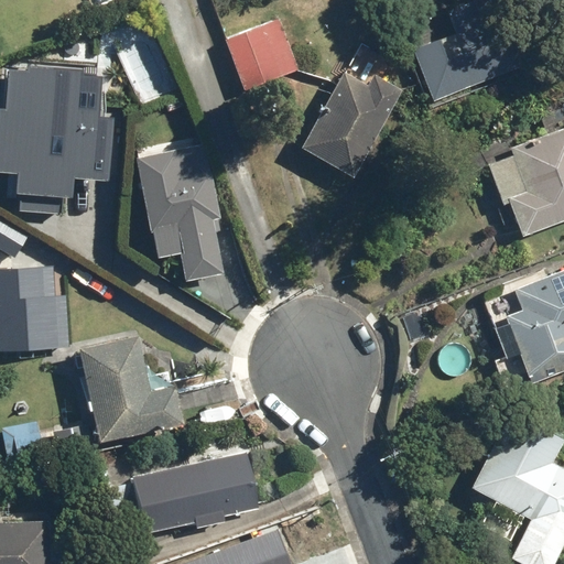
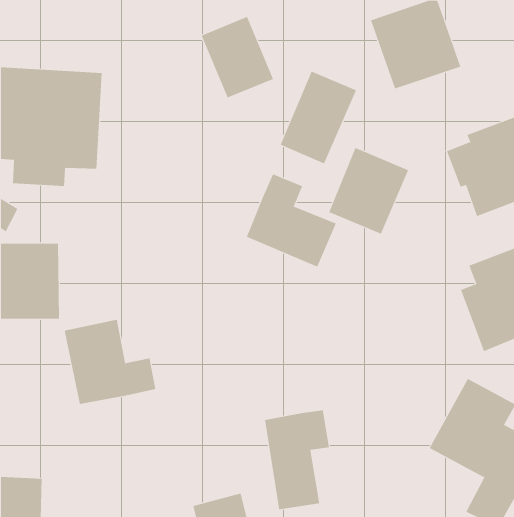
building: [134,147,220,275] -> none
building: none -> [328,147,409,235]
building: none -> [246,173,336,268]
building: none -> [265,409,329,510]
building: [126,451,261,531] -> none

